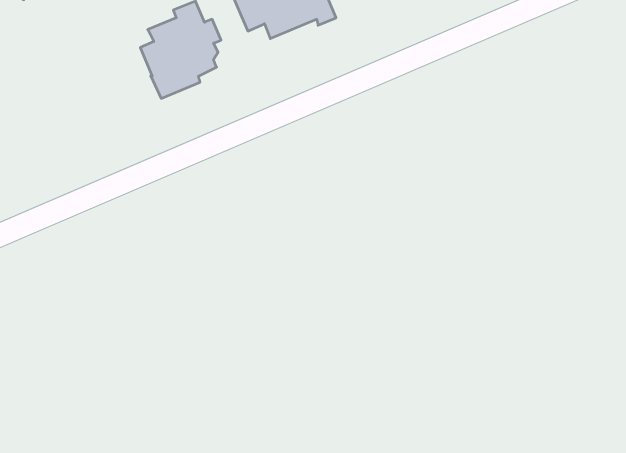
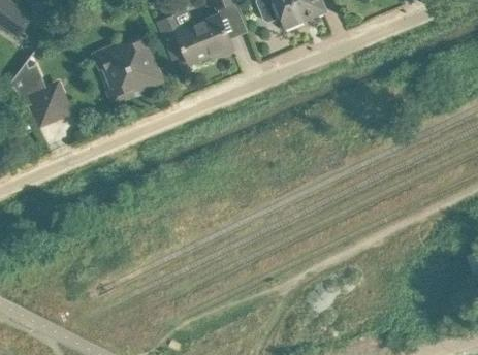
building: none -> [9,49,58,125]

